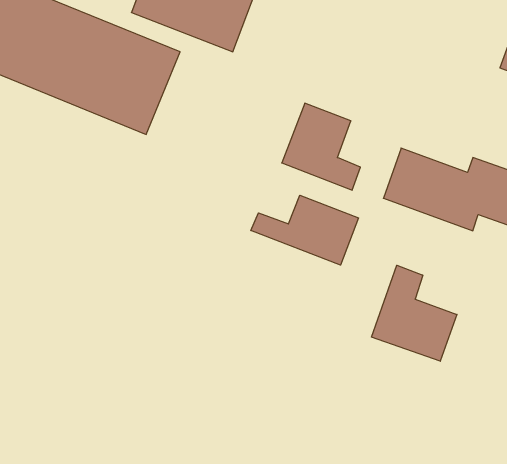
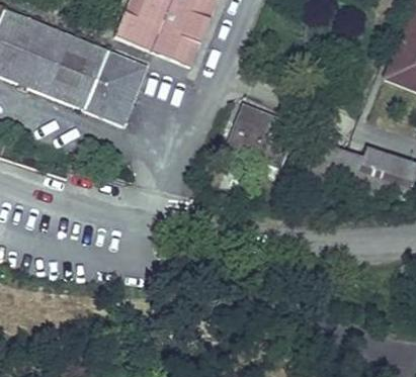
building: [251,195,359,265] -> none
building: [371,265,457,361] -> none

